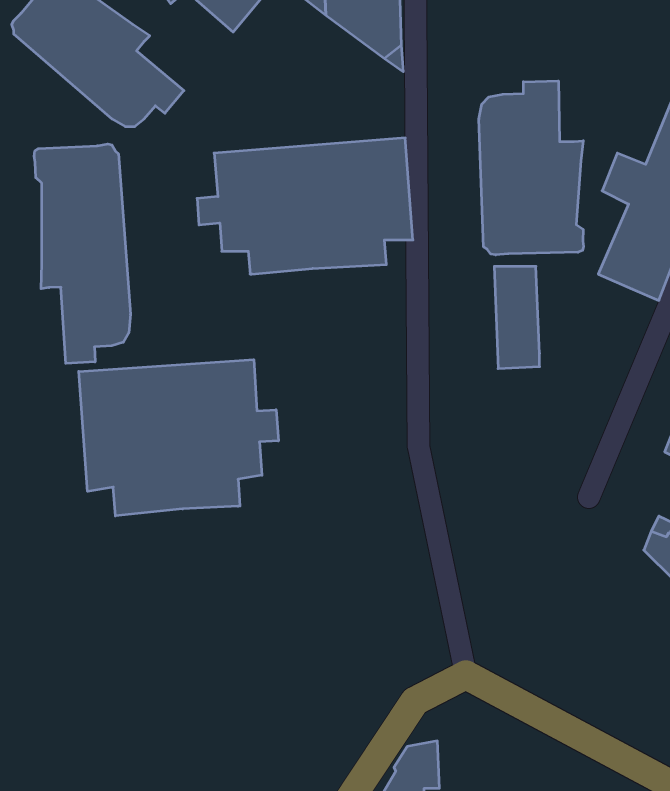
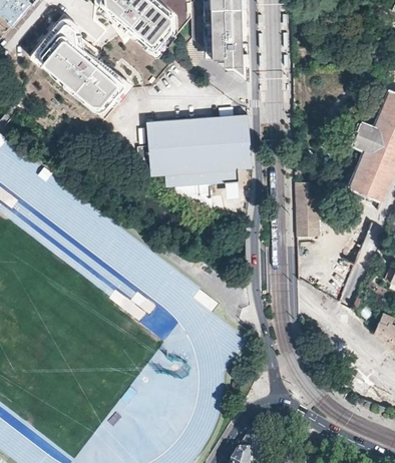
building: [479,81,584,255] -> none
building: [34,144,130,363] -> none
building: [79,360,278,516] -> none

